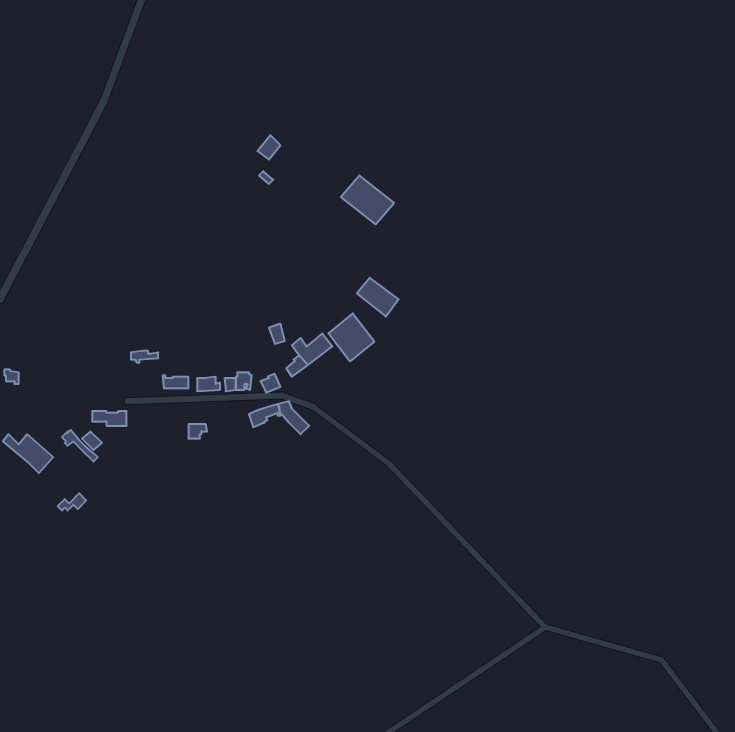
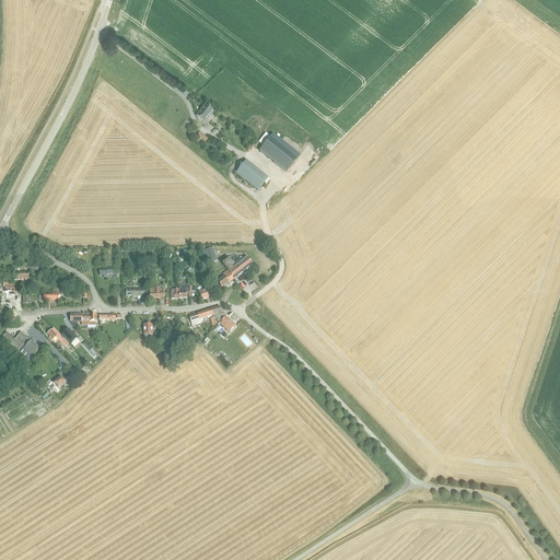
building: [357,278,399,317] -> [236,160,268,189]
building: [328,313,374,361] -> none

